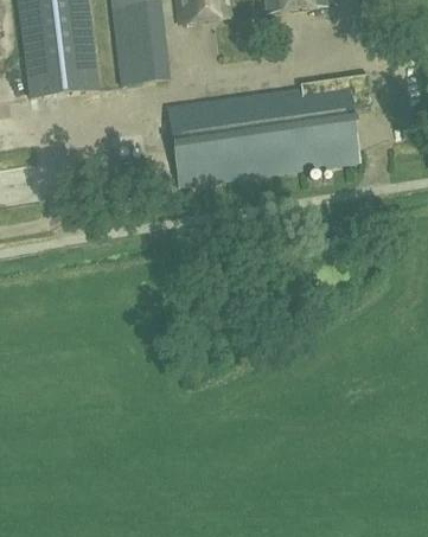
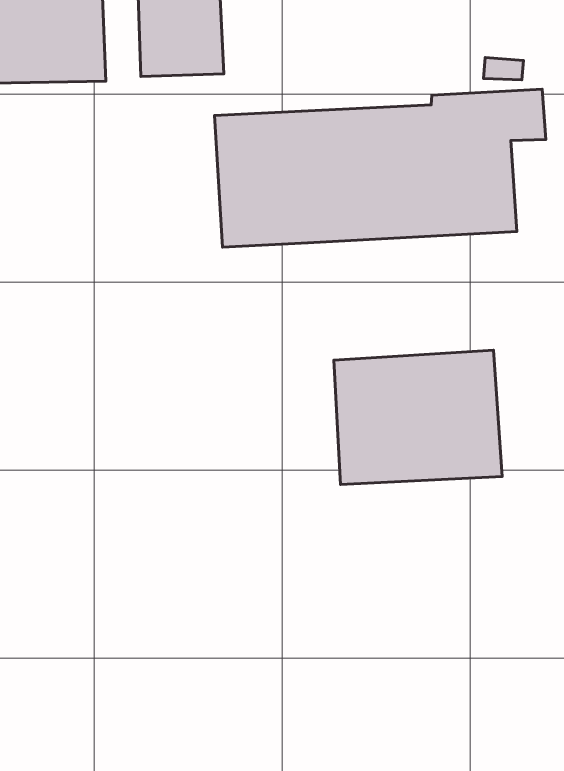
building: none -> [334,350,502,484]

